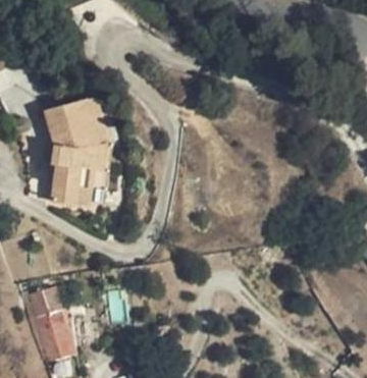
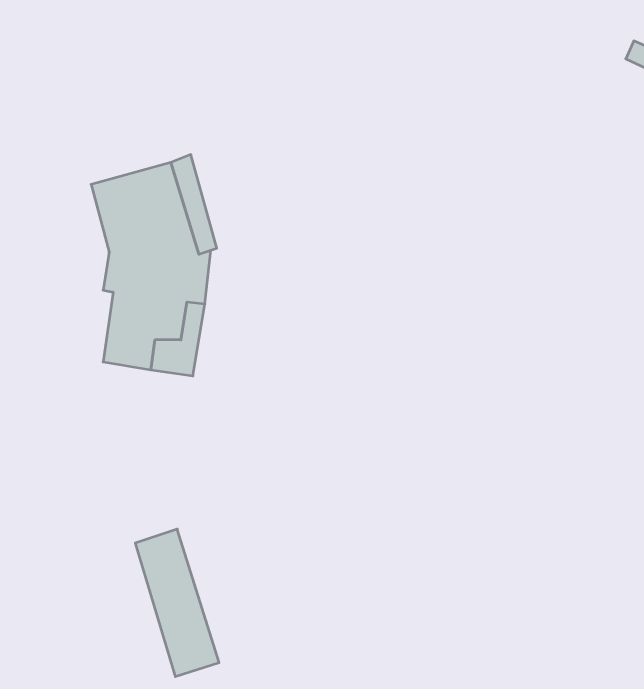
building: [32,287,74,363] -> [135,529,219,677]

